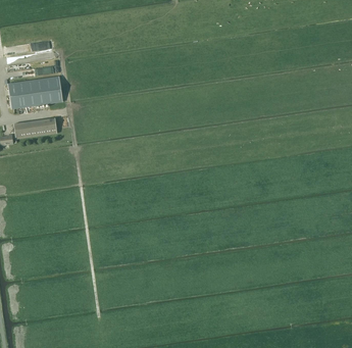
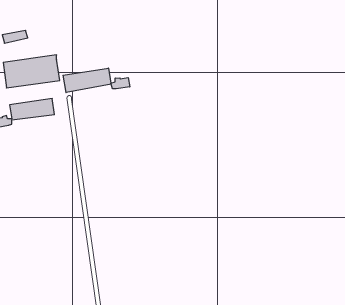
building: none -> [63,68,130,93]

